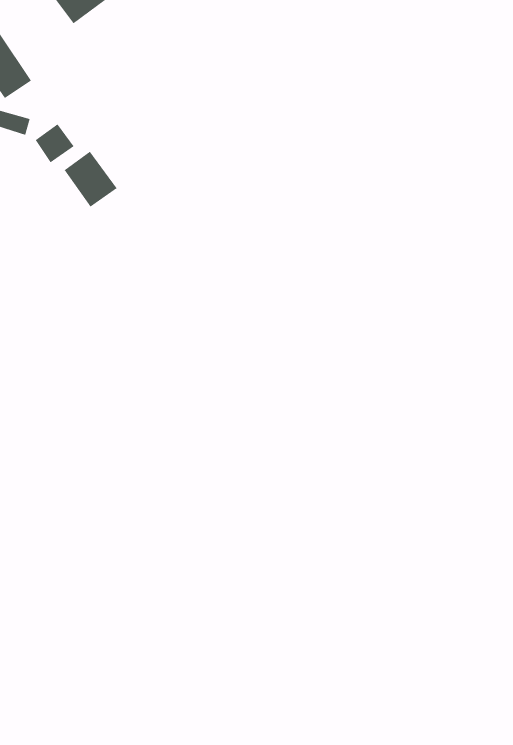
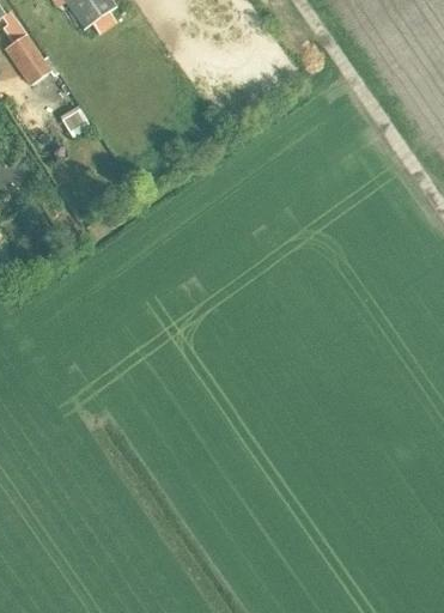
building: [64,151,117,207] -> none

